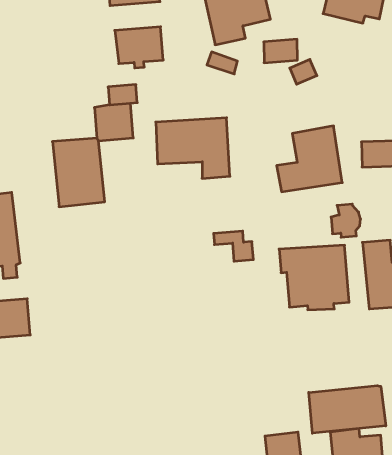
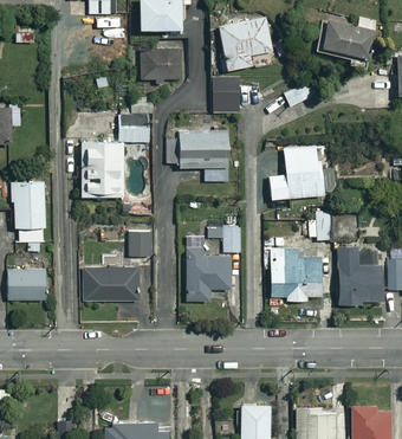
building: [264,39,297,63] -> [213,97,242,115]
building: none -> [129,232,153,258]
building: none -> [187,256,232,302]
building: none -> [84,269,138,302]
building: [309,386,386,433] -> none

